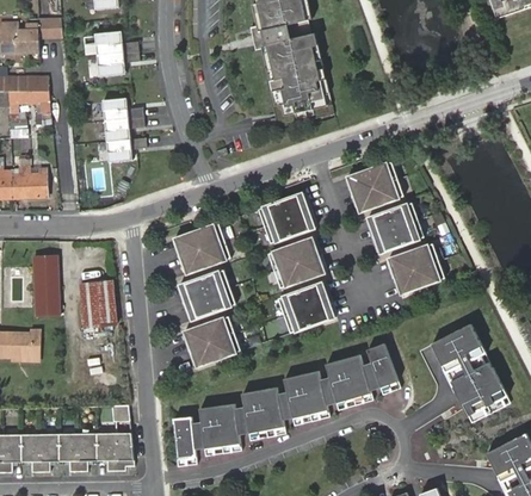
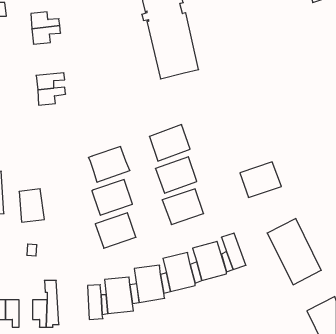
building: [100,98,142,120] -> none
building: [348,160,407,210] -> none
building: [370,200,427,252] -> none
building: [79,436,98,475] -> none

